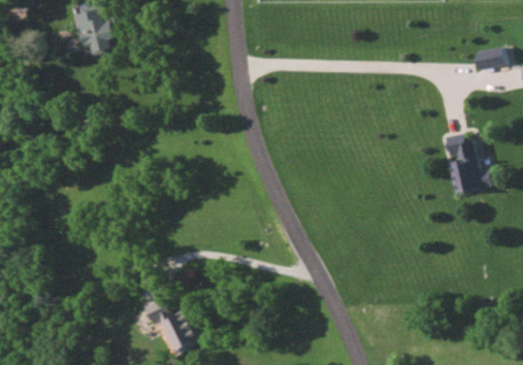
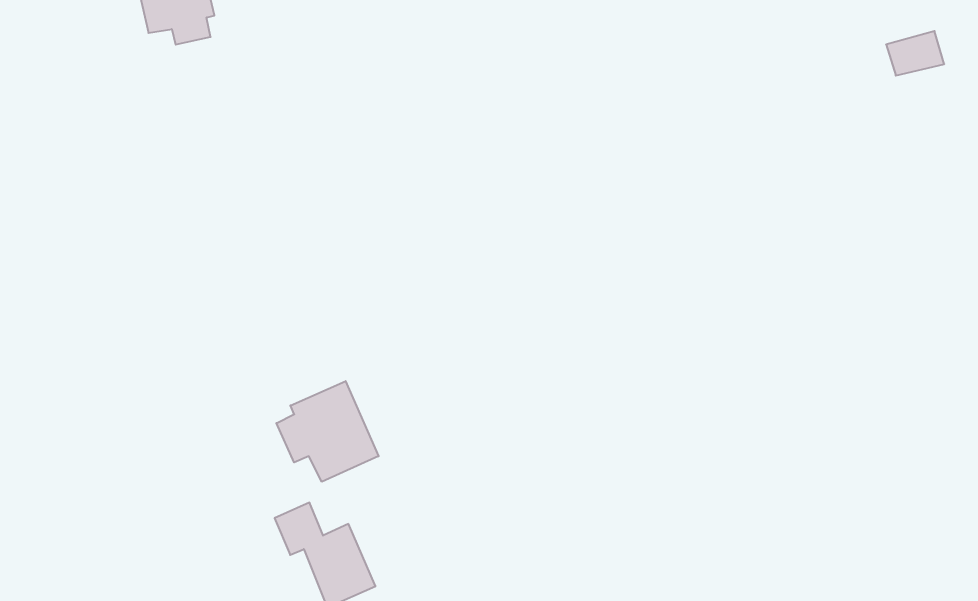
building: [447,135,492,194] -> none
building: none -> [276,381,379,482]

